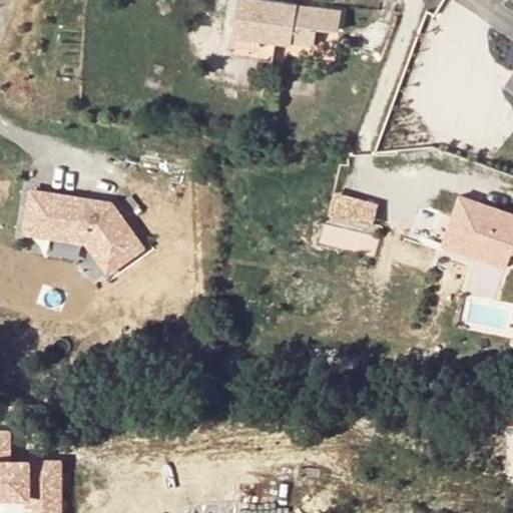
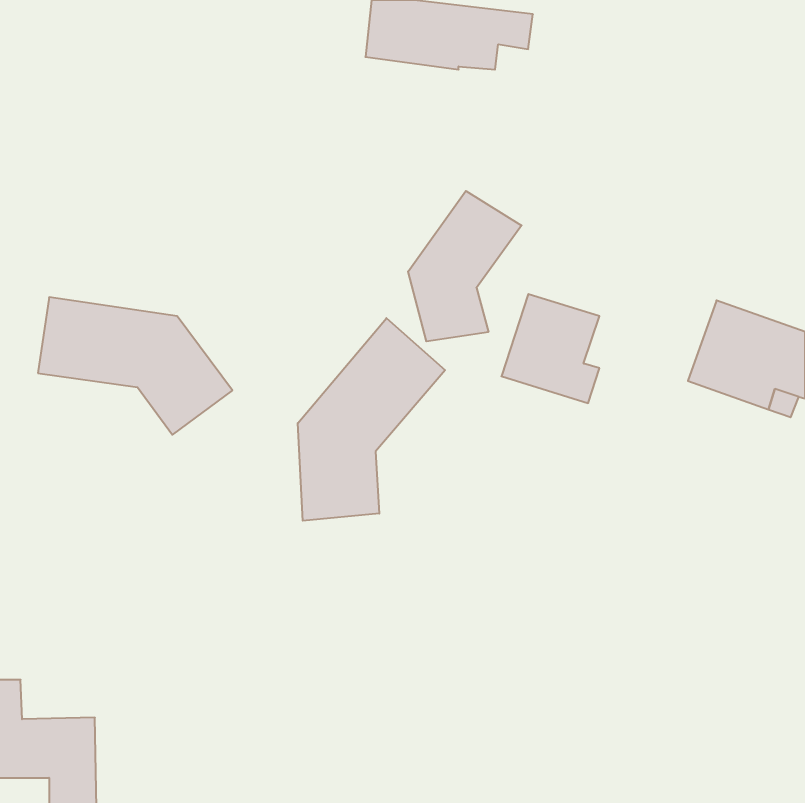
building: none -> [408,191,522,341]
building: none -> [298,318,445,521]

